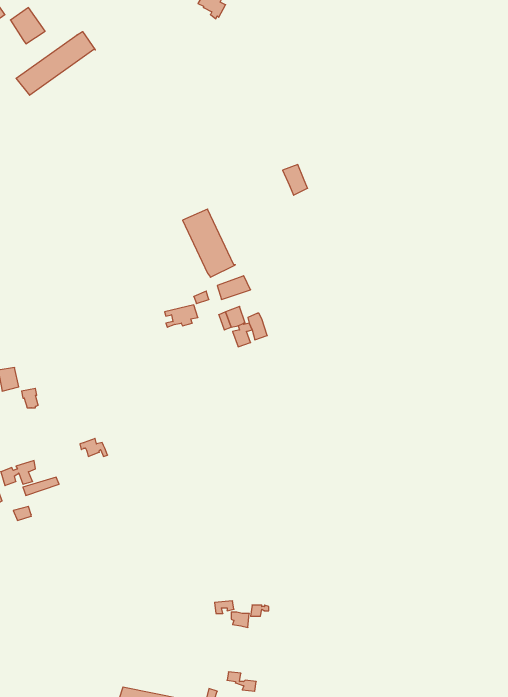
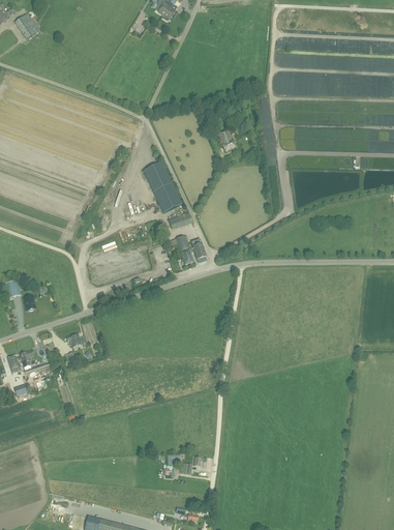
building: [16,32,95,95] -> none

